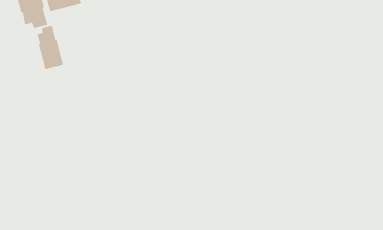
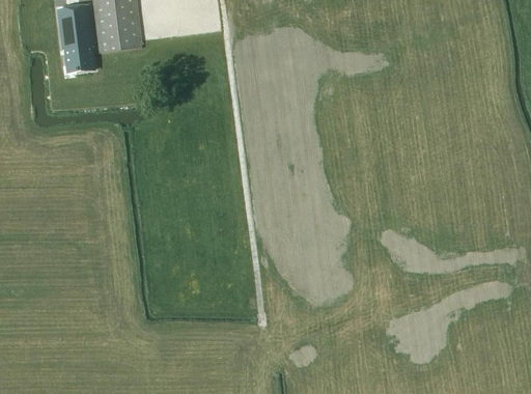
building: [36,25,64,70] -> none

